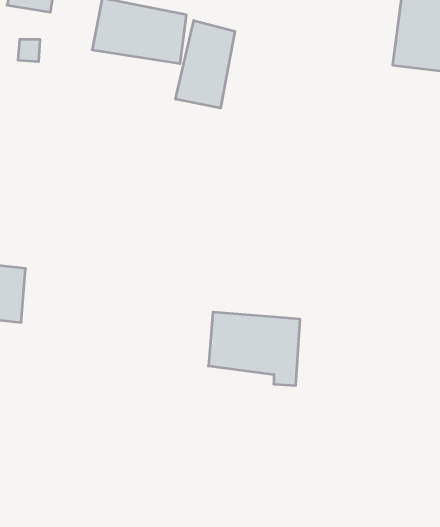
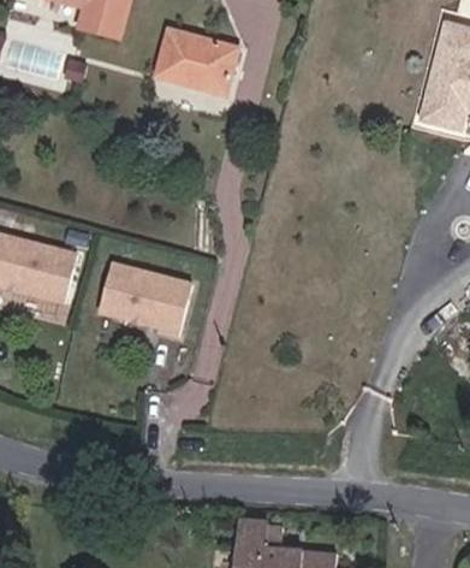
building: [176,20,235,108] -> none
building: [208,312,300,385] -> [97,266,183,339]

